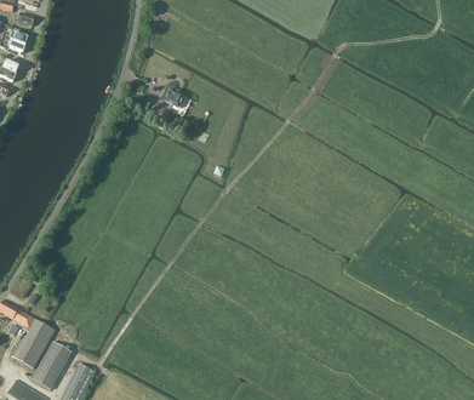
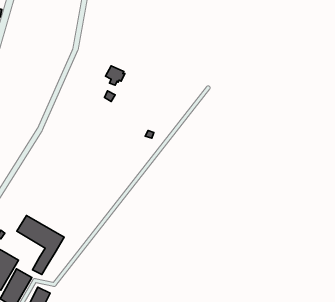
building: none -> [17,215,64,274]

